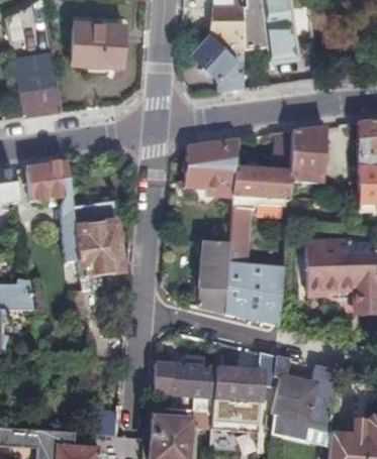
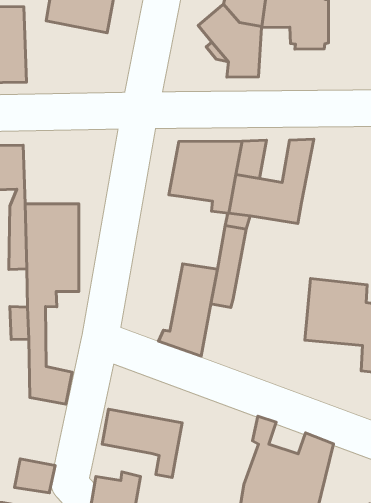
building: [291,126,326,190] -> none
building: [225,264,282,326] -> none
building: [214,367,263,399] -> none

